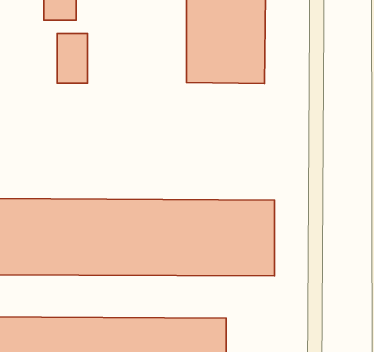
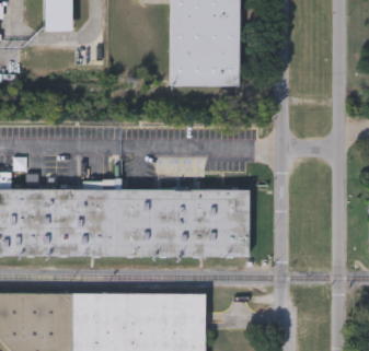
building: [57,34,87,83] -> none

